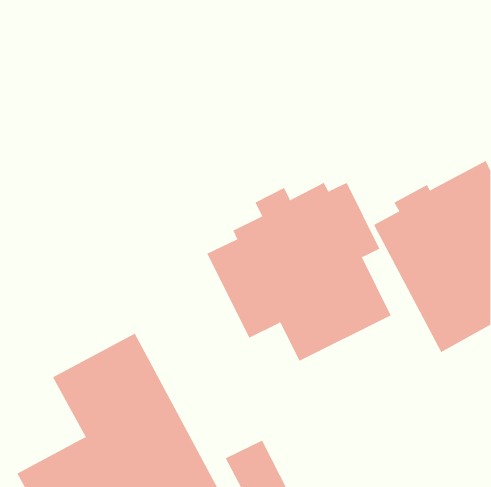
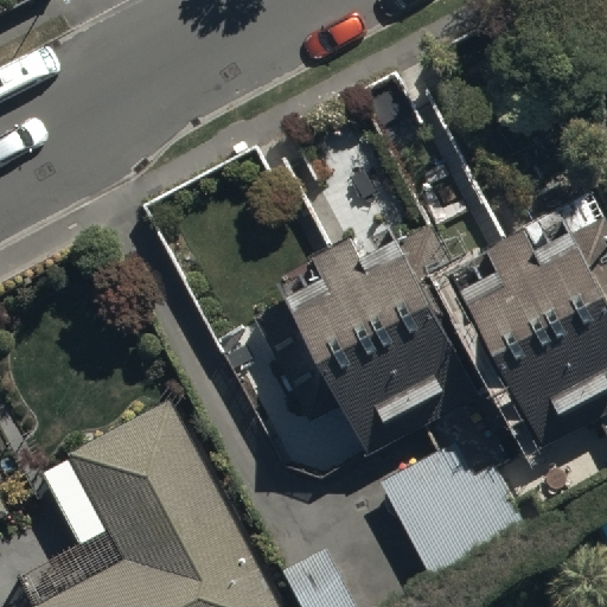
building: none -> [377,439,530,589]

